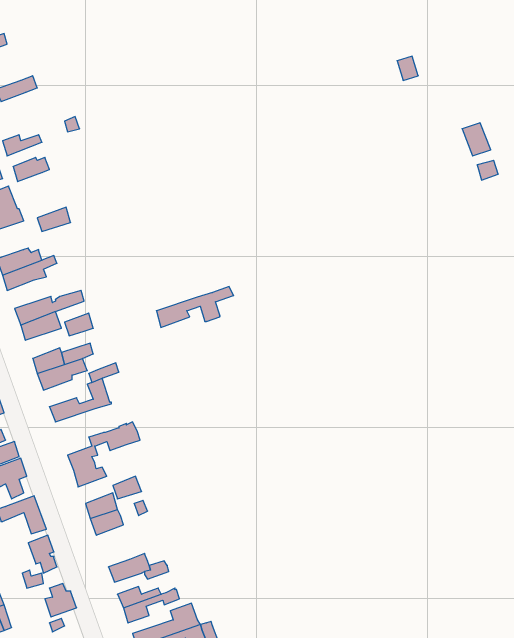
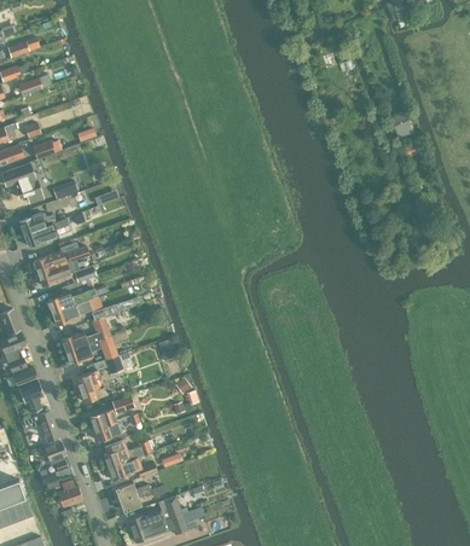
building: [156,287,234,327] -> [65,332,127,365]
building: none -> [103,441,150,467]

